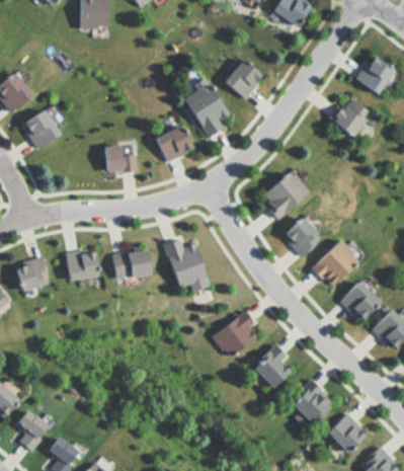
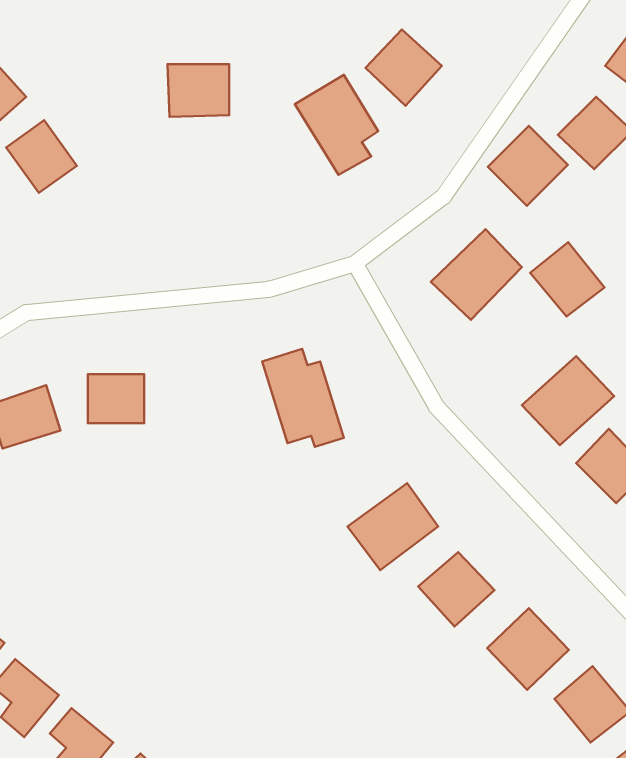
building: none -> [488,126,568,206]
building: [154,124,194,162] -> none
building: [103,144,138,173] -> [168,64,229,117]
building: [281,216,323,257] -> [530,242,605,316]
building: [112,249,152,279] -> none

